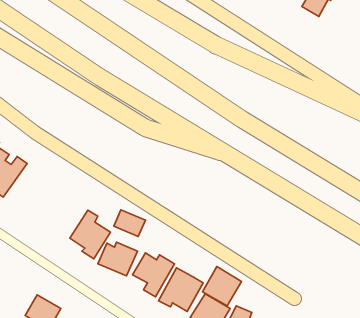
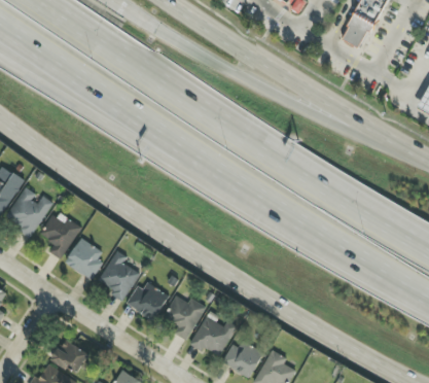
building: none -> [40,211,81,259]
building: none -> [65,238,103,280]
building: [114,210,145,237] -> none
building: [203,267,242,306] -> none

